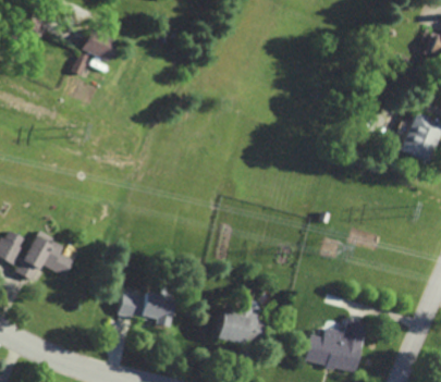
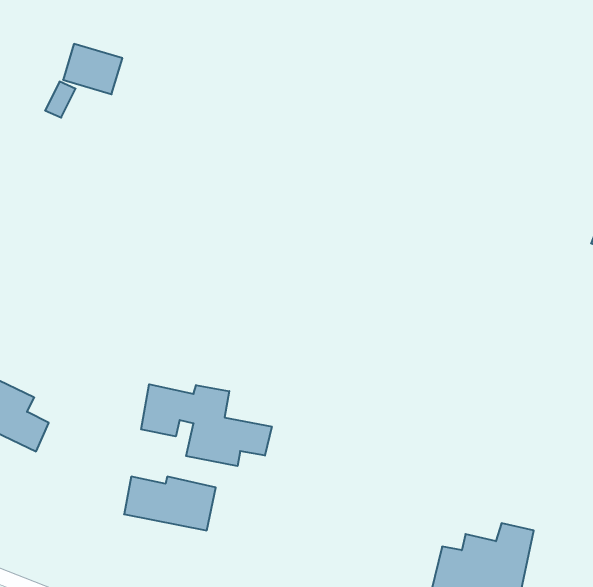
building: none -> [141,384,272,466]
building: [217,309,266,346] -> none

